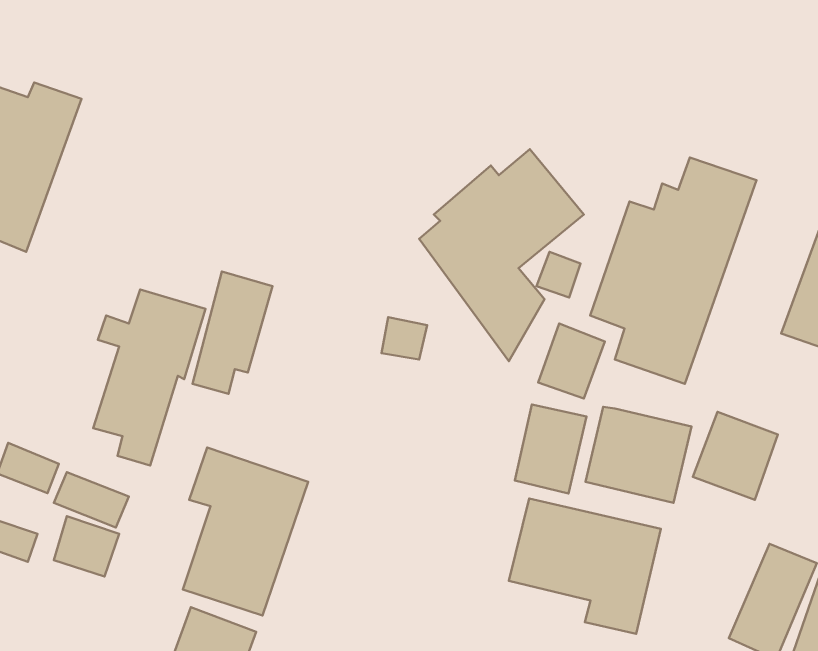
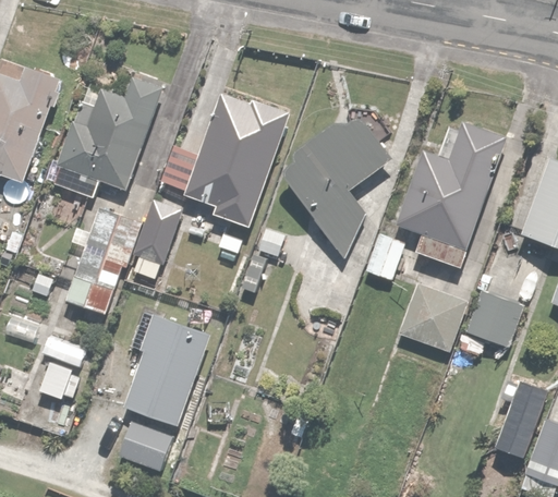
building: none -> [51,77,161,196]
building: none -> [184,88,288,228]
building: [515,404,587,494] -> none
building: [509,498,661,634] -> none

